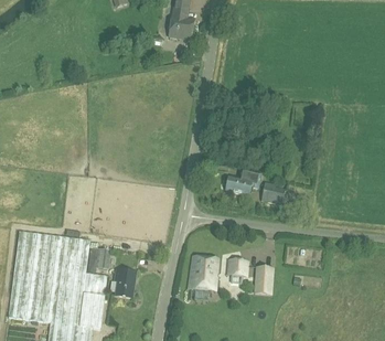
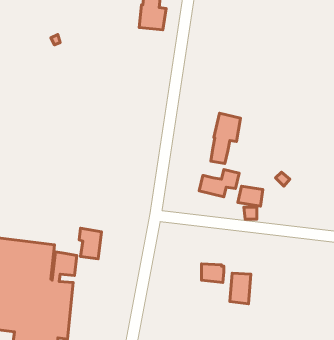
building: none -> [211,113,241,164]
building: [186,255,217,289] -> none
building: [114,268,135,297] -> [79,228,102,259]

